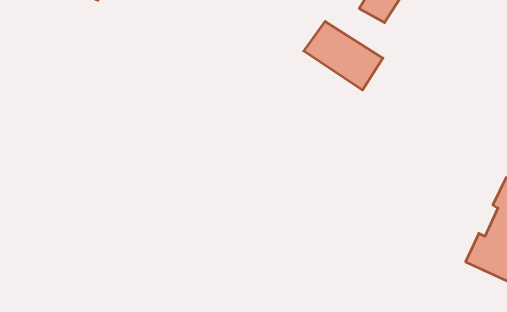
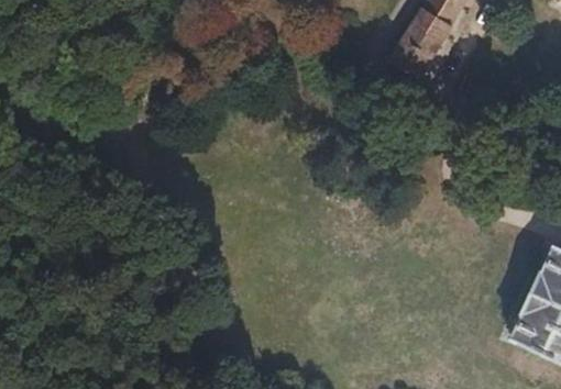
building: [304,21,383,90] -> none

